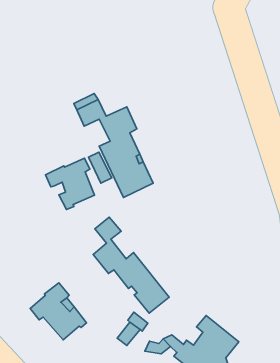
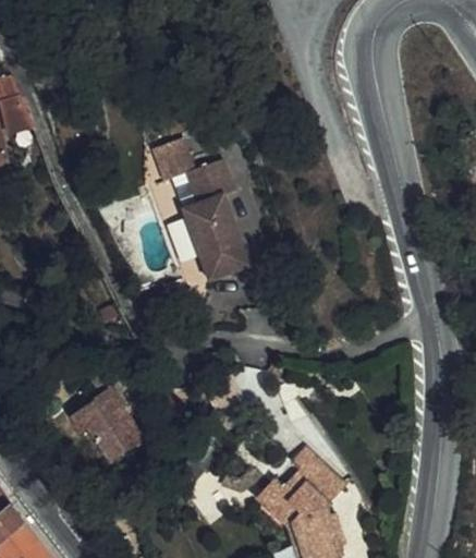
building: [46,158,95,210] -> none
building: [93,217,169,313] -> none

